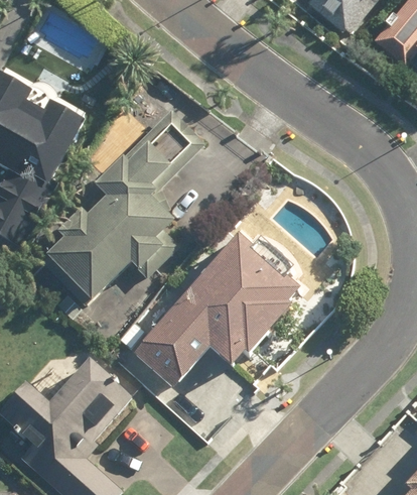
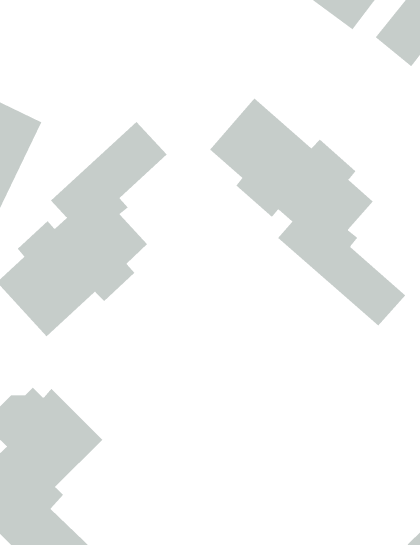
building: none -> [209,98,406,327]
building: [126,233,299,386] -> none

